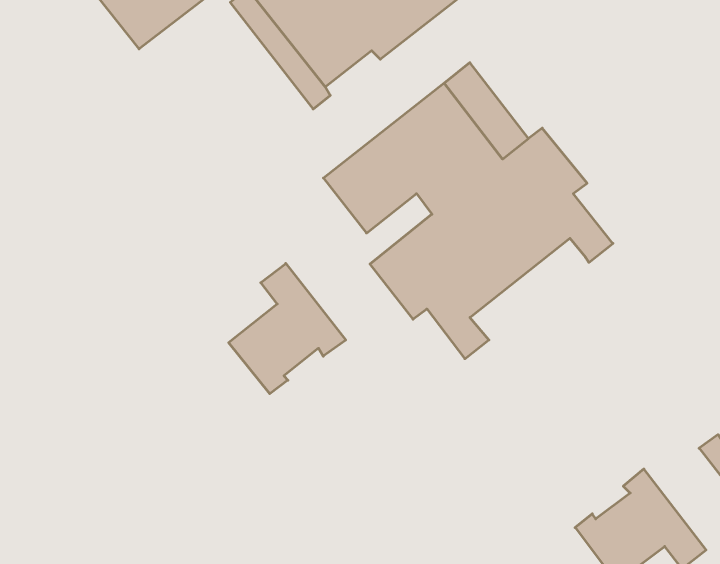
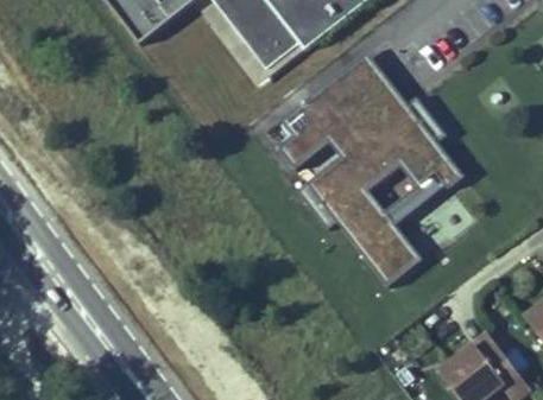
building: none -> [365,171,448,285]
building: [229,263,346,394] -> none

